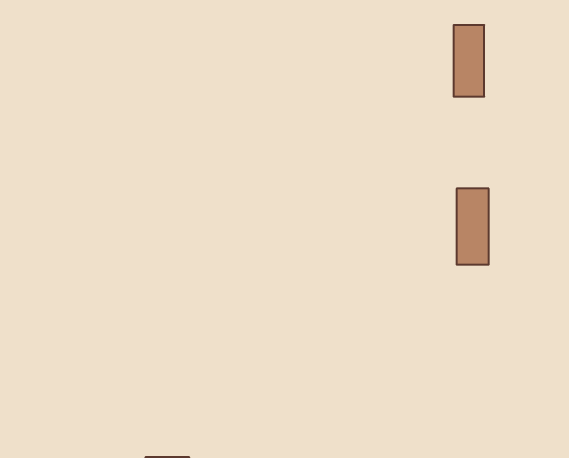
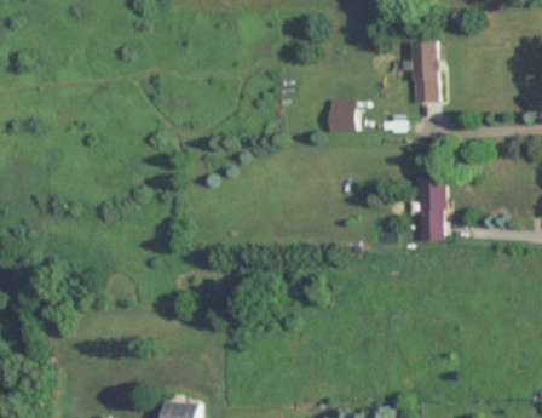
building: none -> [327,102,353,133]

